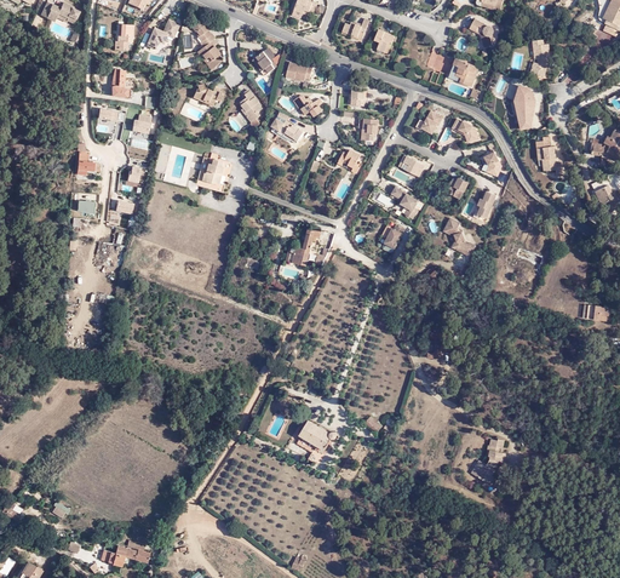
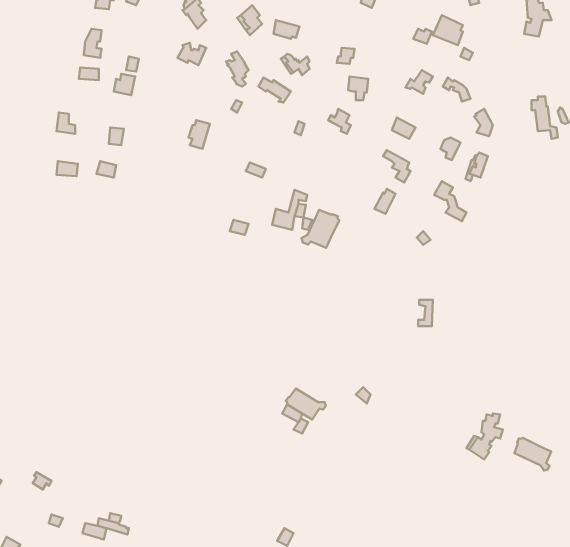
building: [513,86,534,130] -> none
building: none -> [301,210,339,248]
building: none -> [514,438,551,470]

